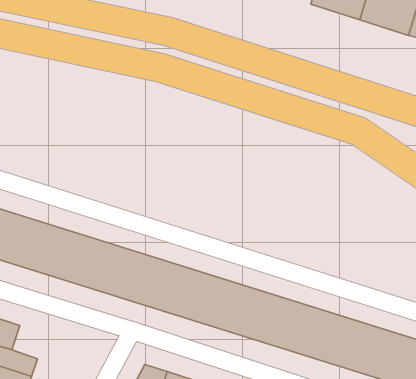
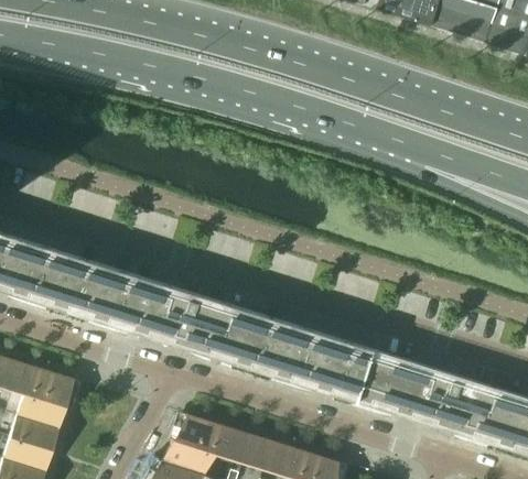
building: none -> [37,370,75,407]

